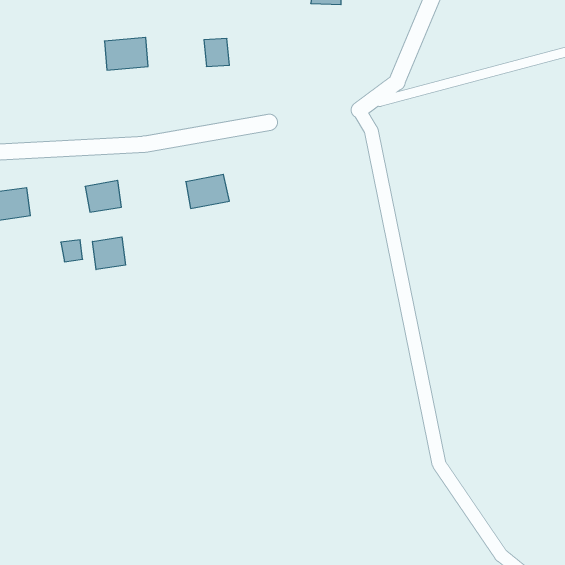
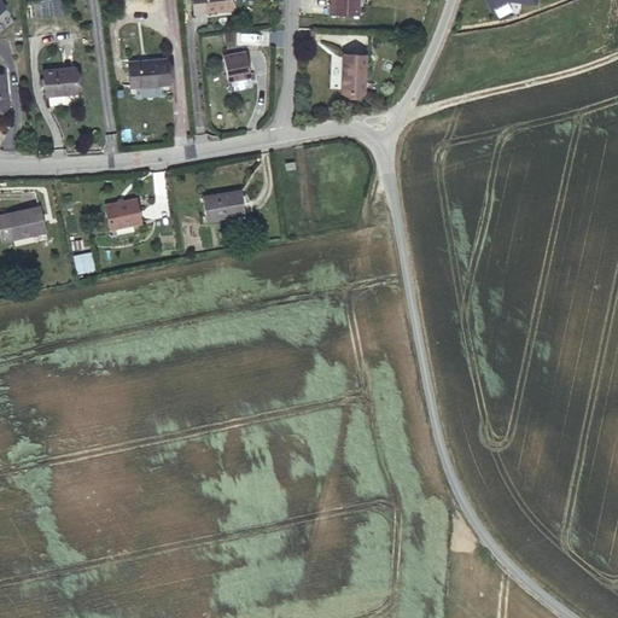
building: none -> [342,60,365,100]
building: none -> [47,68,89,98]
building: [93,237,125,270] -> none

